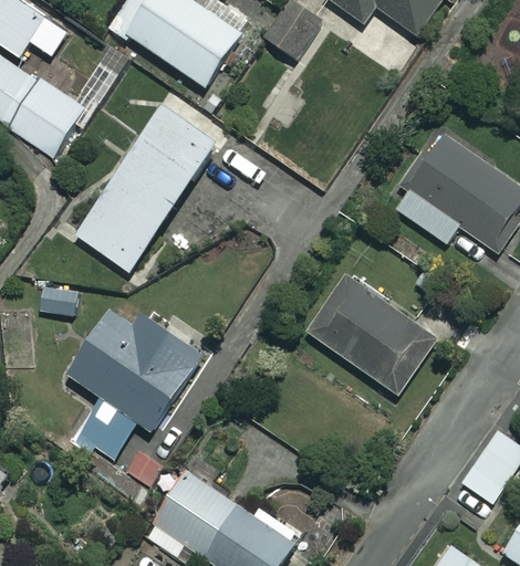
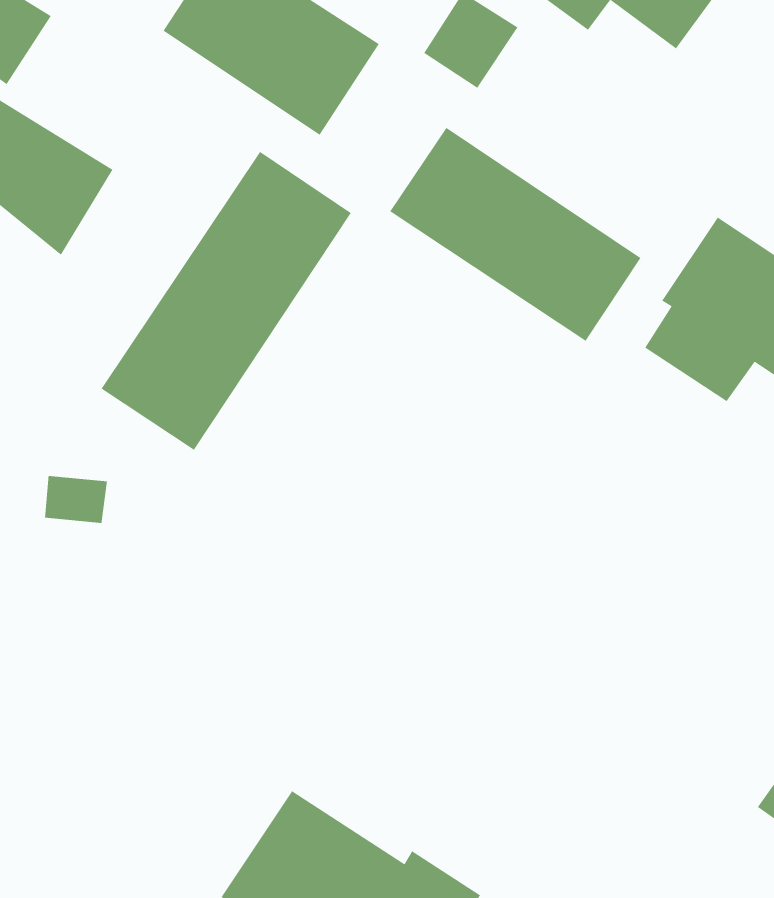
building: none -> [389,127,641,342]
building: [309,277,435,395] -> none
building: [66,310,201,460] -> none

